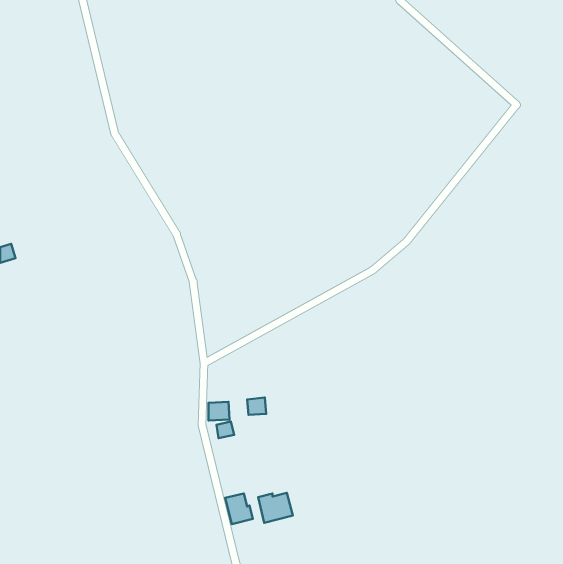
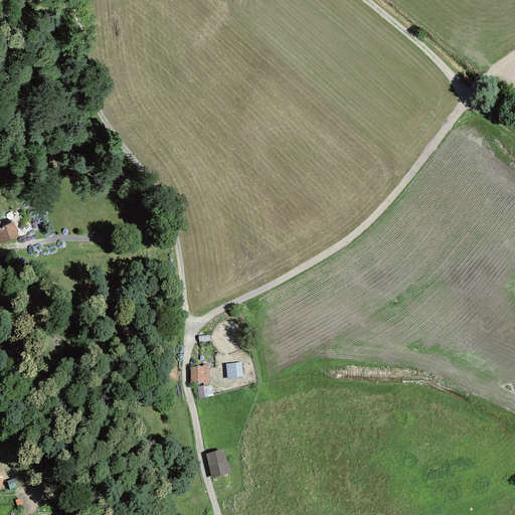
building: [258,493,293,523] -> none

